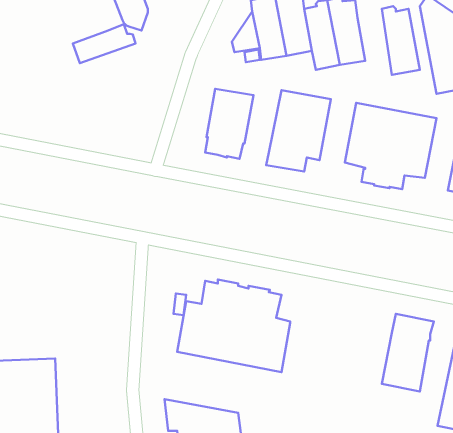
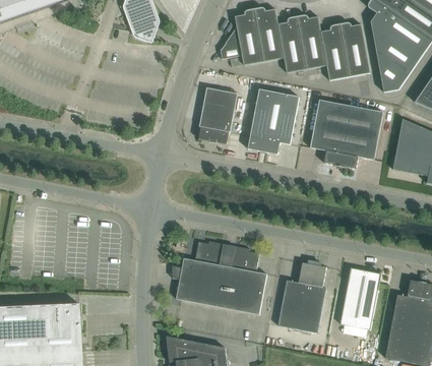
building: none -> [320,23,348,79]
building: [73,24,136,63] -> none
building: none -> [277,260,326,332]

